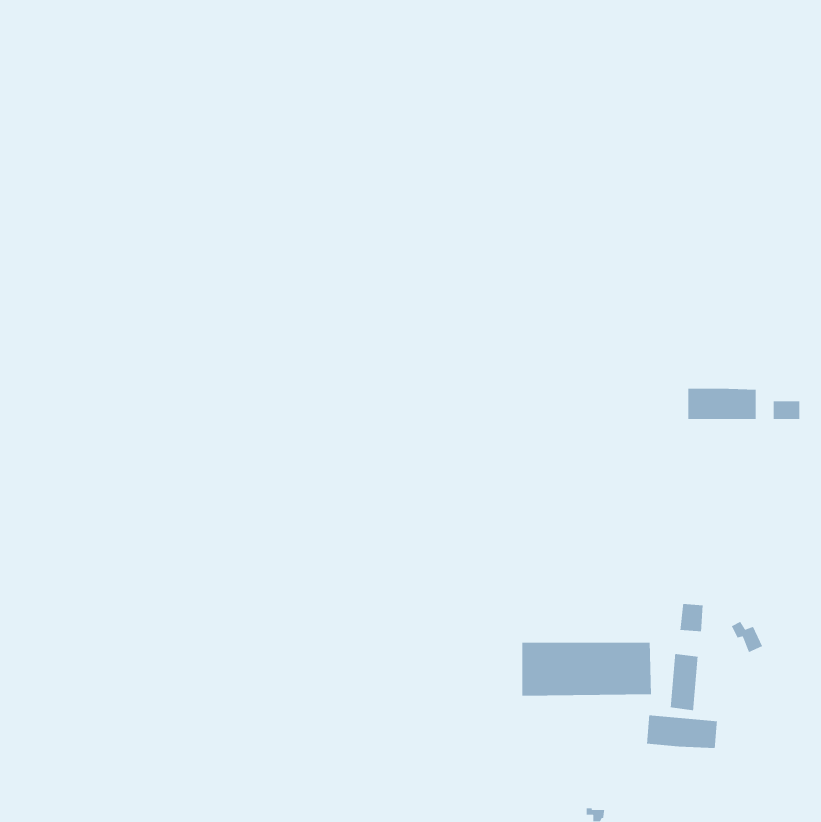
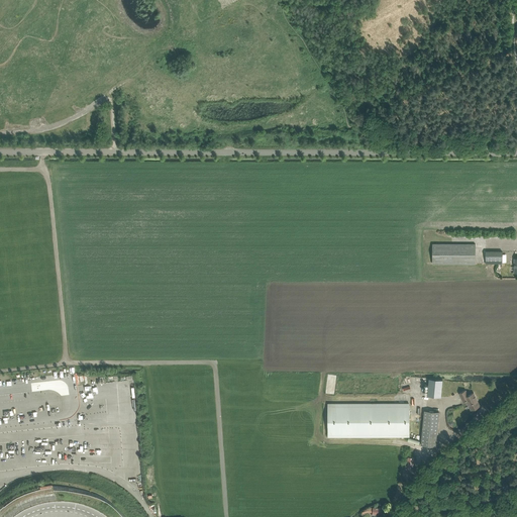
building: [646,715,718,749] -> none

